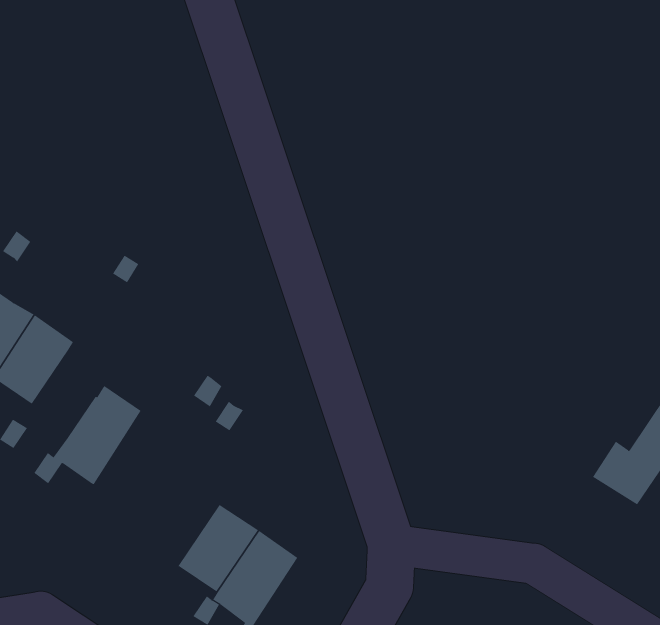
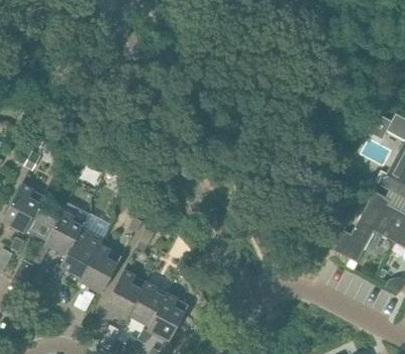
building: none -> [44,202,89,255]
building: none -> [79,238,121,292]
building: none -> [104,269,145,319]

